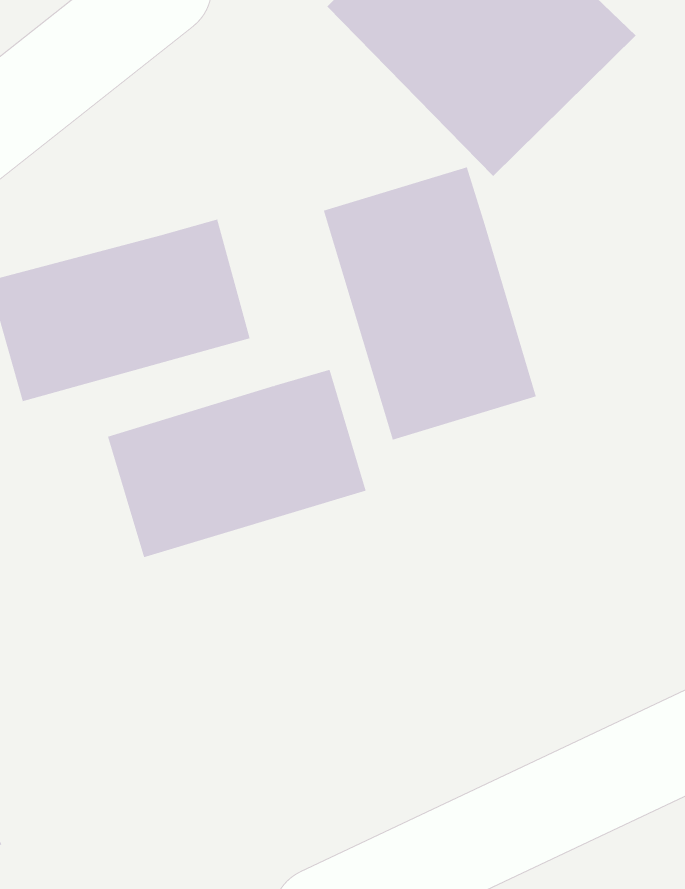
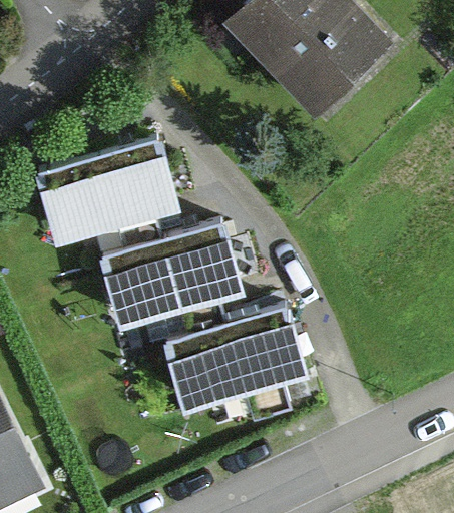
building: [323,167,536,441] -> none
building: none -> [166,311,306,412]

